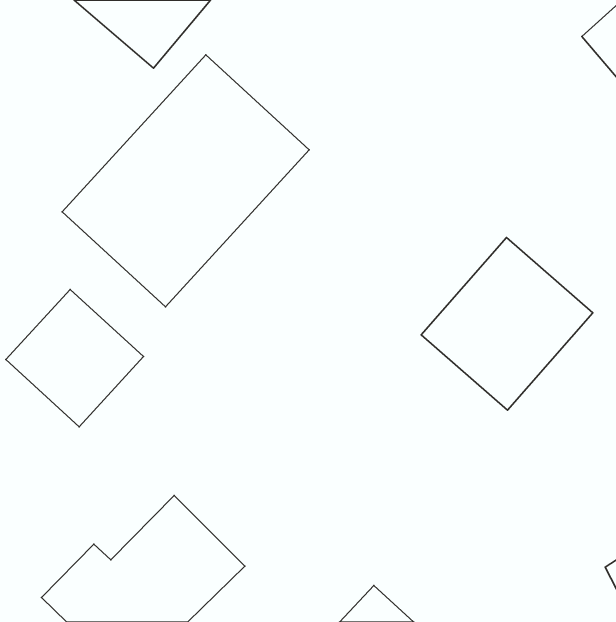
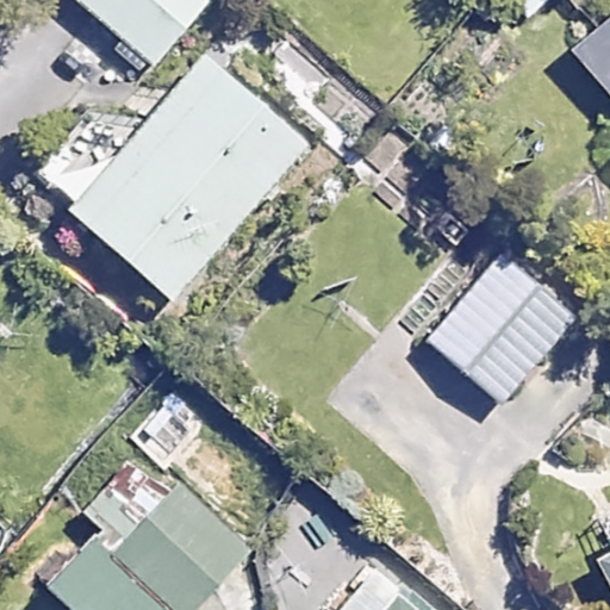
building: [6,289,144,427] -> none

